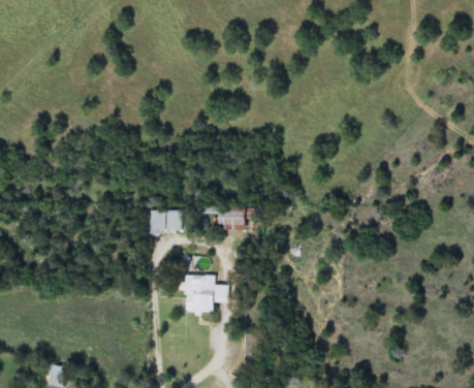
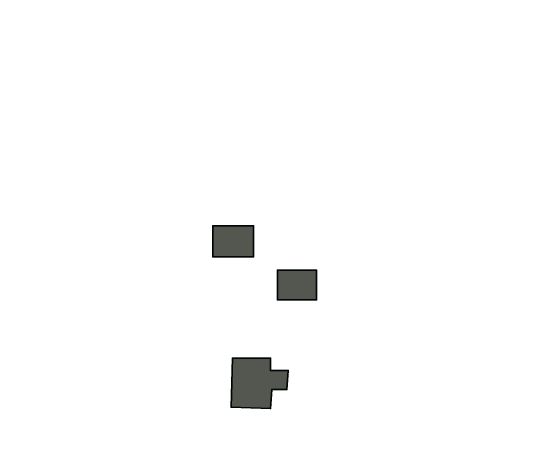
building: [149,211,180,234] -> [213,226,253,257]

